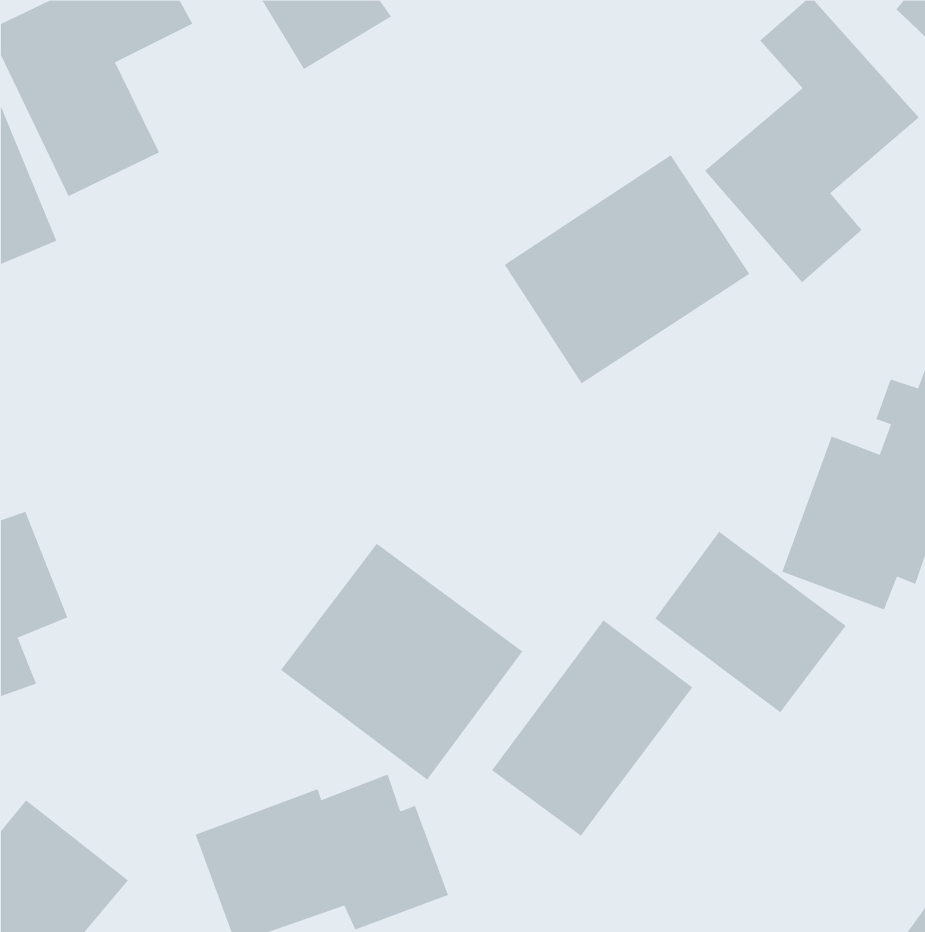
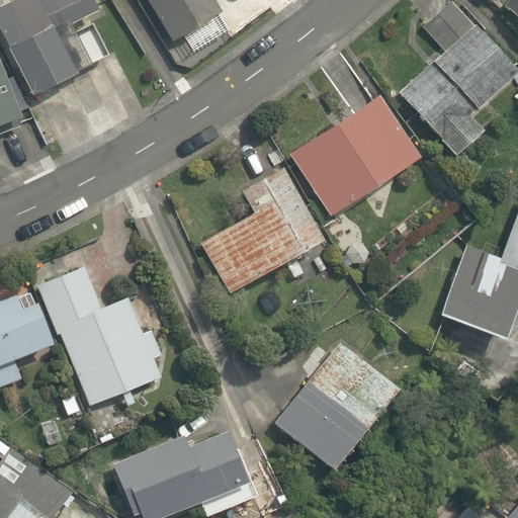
building: none -> [197,166,321,294]
building: none -> [37,267,168,409]
building: [654,531,846,713] -> none
building: [280,543,523,780] -> none

